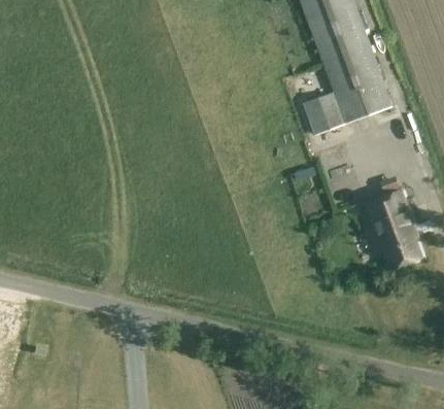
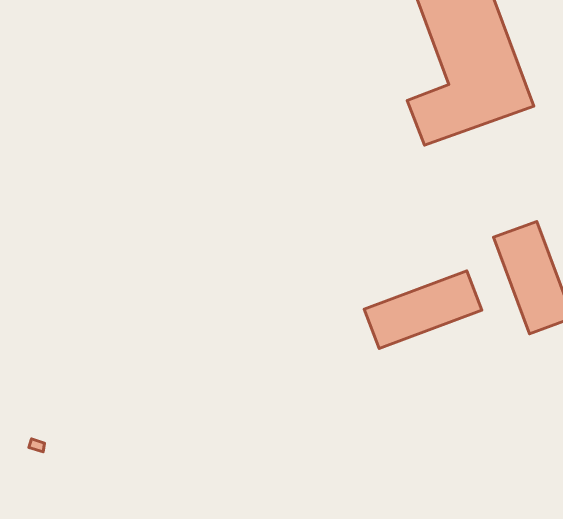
building: none -> [364,271,482,348]

